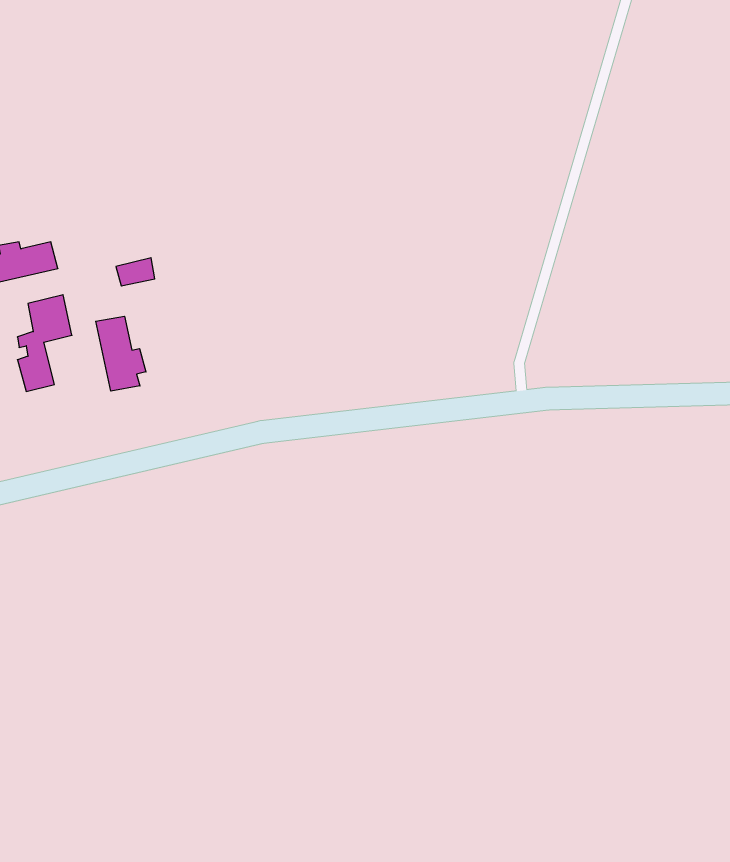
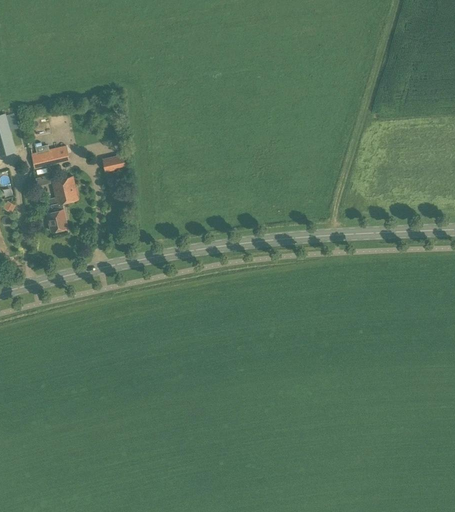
building: [96,316,146,391] -> none

